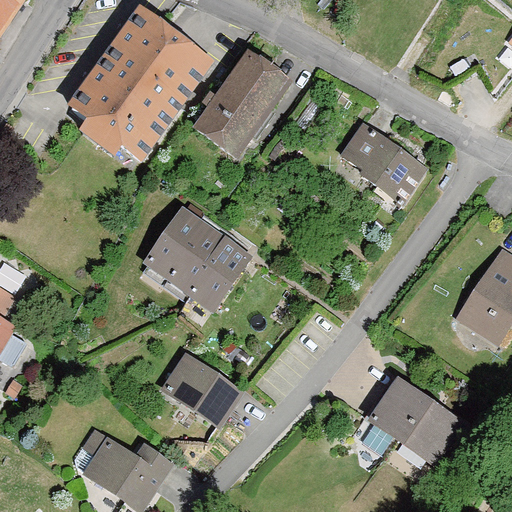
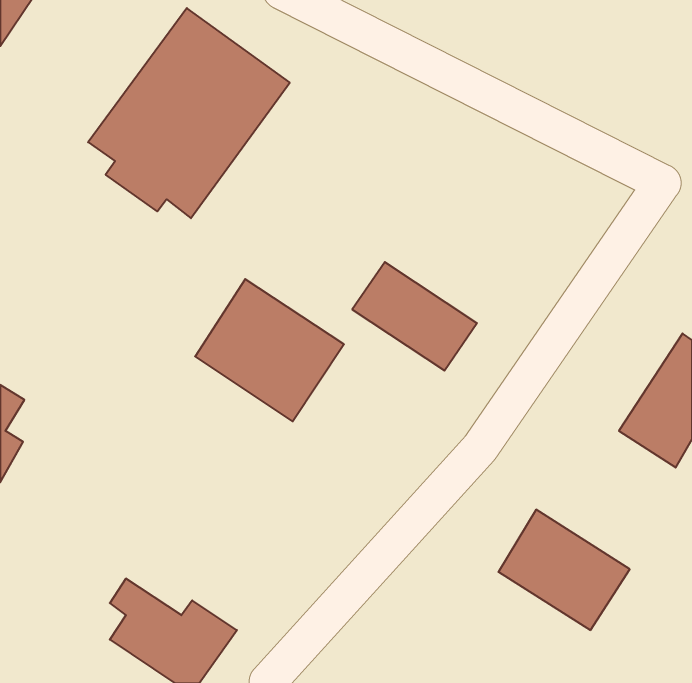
building: [193,50,293,158] -> none
building: [339,121,431,201] -> [352,262,477,371]
building: [166,350,247,428] -> none

